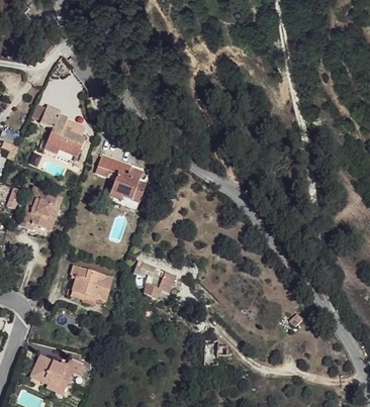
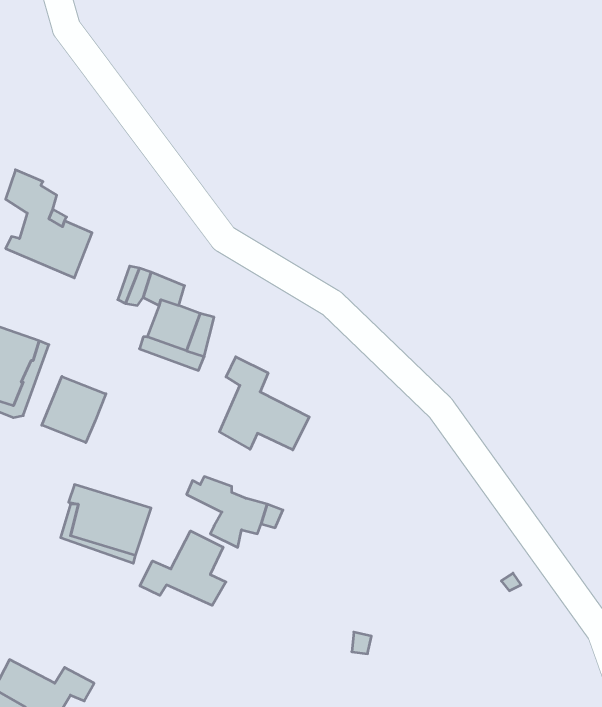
building: none -> [219,357,309,450]
building: none -> [42,376,106,443]
building: none -> [140,531,226,605]

